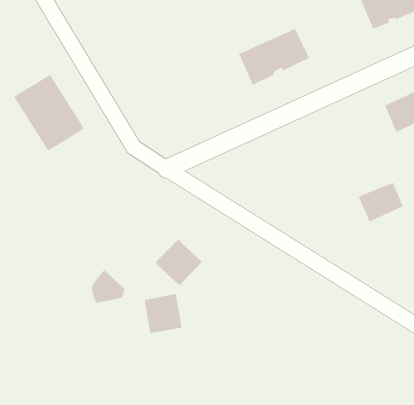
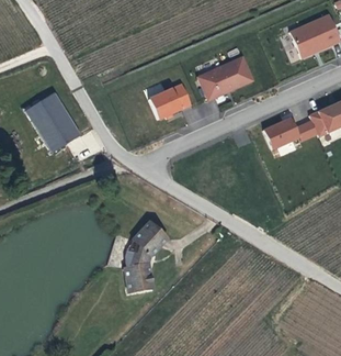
building: none -> [152,82,194,118]
building: [358,182,404,222] -> [266,116,302,147]
building: [91,269,125,304] -> [125,238,151,265]

